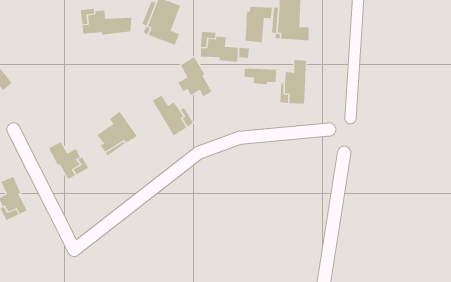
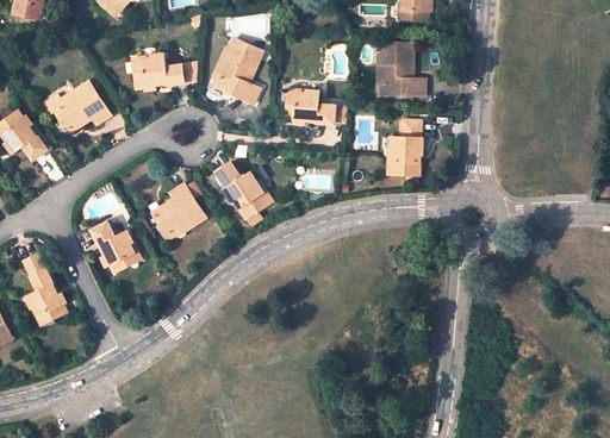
building: [245,6,272,43] -> none
building: none -> [43,85,107,132]
building: [177,56,212,97] -> none
building: [244,68,277,85] -> none

